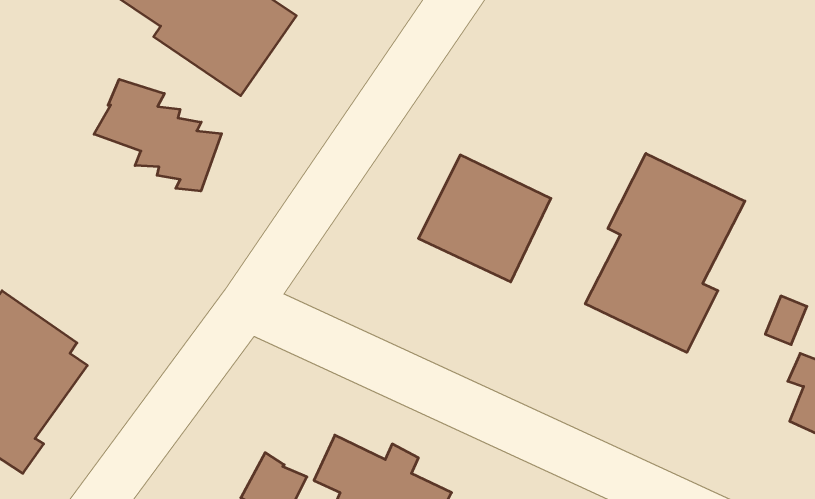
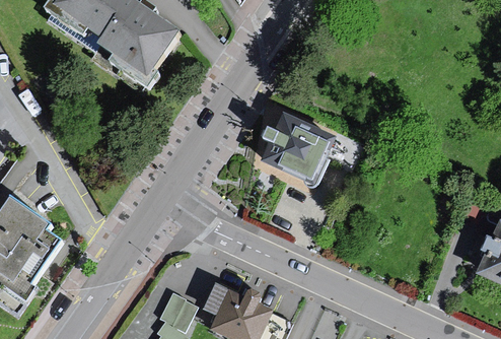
building: [94,79,222,191] -> none
building: [585,153,745,352] -> none

